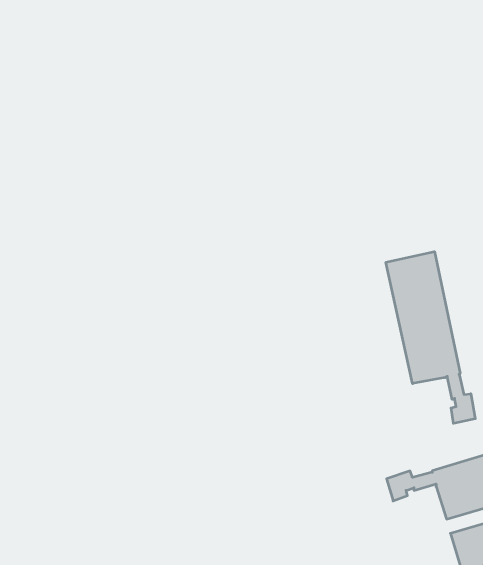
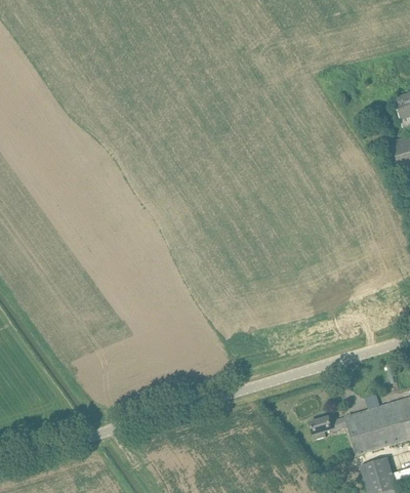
building: [386,252,475,423] -> none

